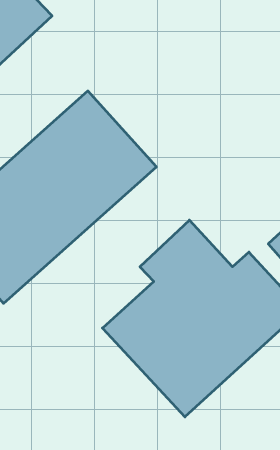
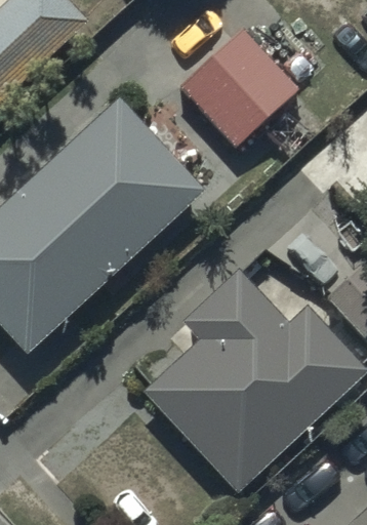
building: none -> [184,31,299,147]

